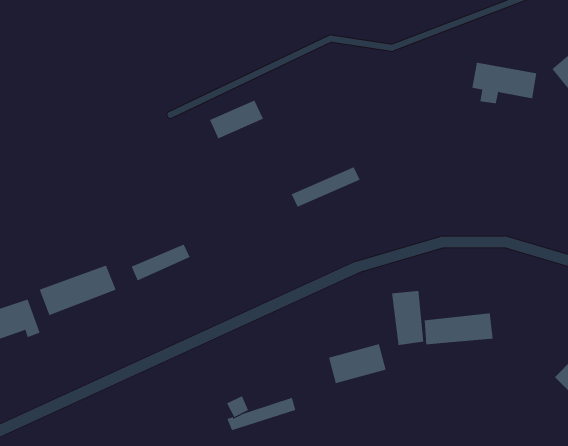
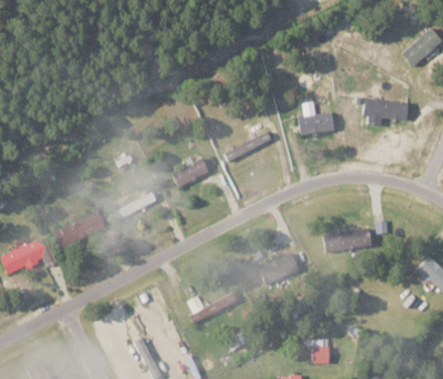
building: [472,62,537,104] -> [362,98,408,126]
building: [209,100,264,139] -> [171,158,209,187]
building: none -> [299,113,334,134]
building: [391,290,424,346] -> none

